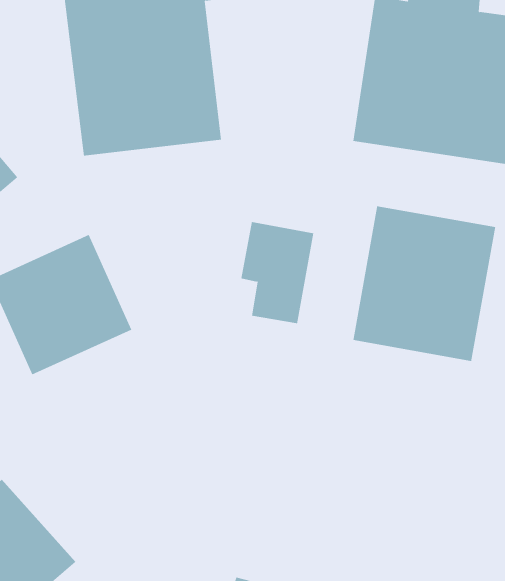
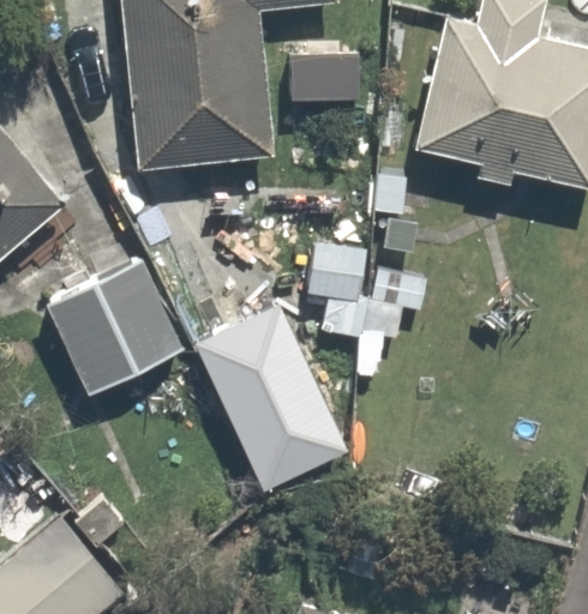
building: [353,205,496,362] -> none
building: none -> [200,324,353,507]

